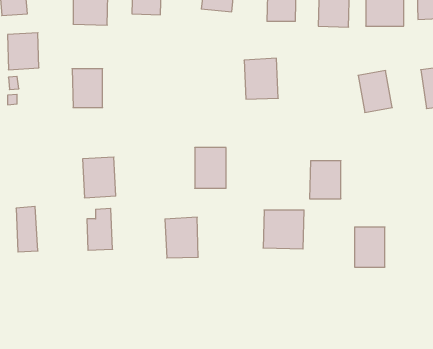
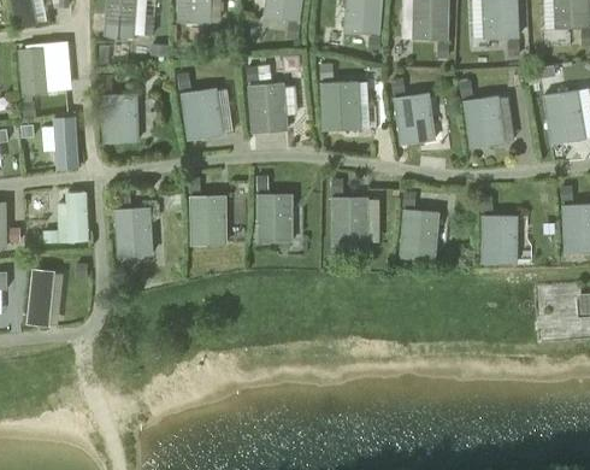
building: none -> [247,82,287,133]
building: none -> [181,88,223,140]
building: none -> [393,93,436,145]
building: none -> [41,119,76,169]
building: [87,208,113,250] -> [55,190,88,243]
building: [263,210,304,249] -> [328,196,379,246]
building: [165,217,198,258] -> [188,193,230,245]
building: [355,227,385,267] -> [483,213,521,264]

